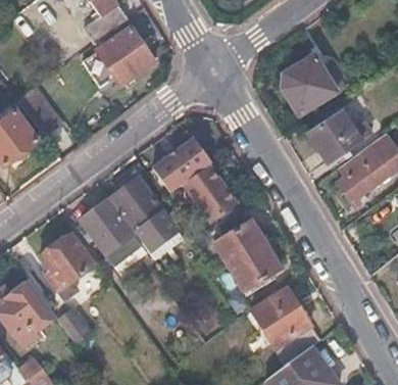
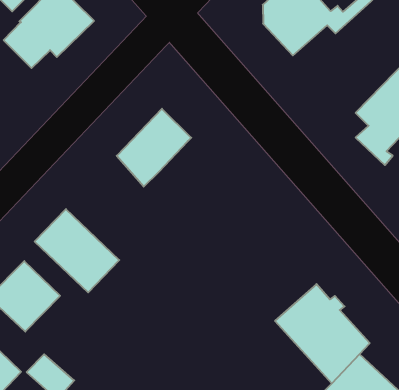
building: [305,109,369,162] -> none
building: [184,164,238,224] -> none
building: [113,172,179,250] -> none
building: [213,221,280,292] -> none

